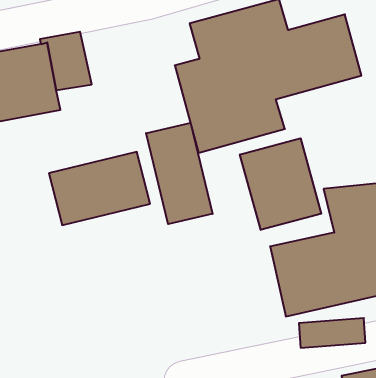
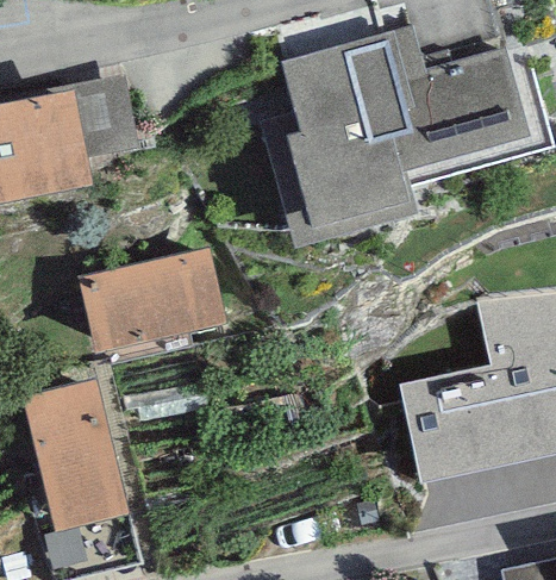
building: [146,123,213,224] -> none
building: [240,138,321,230] -> none
building: none -> [20,378,127,530]

